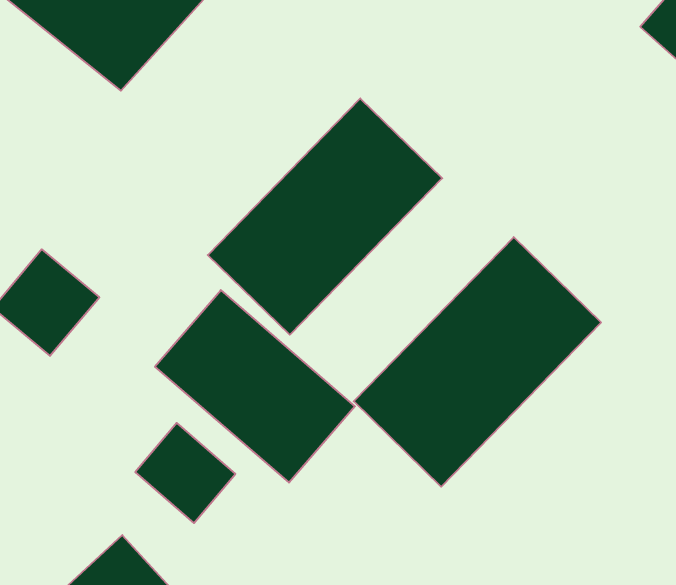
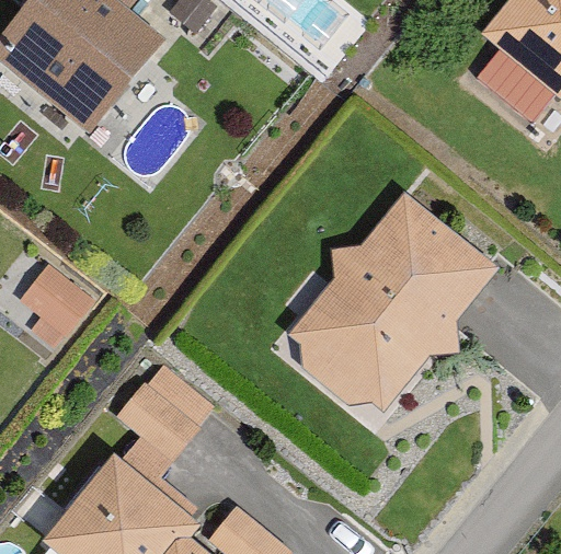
building: [208,98,442,335] -> none
building: [155,290,355,483] -> none

